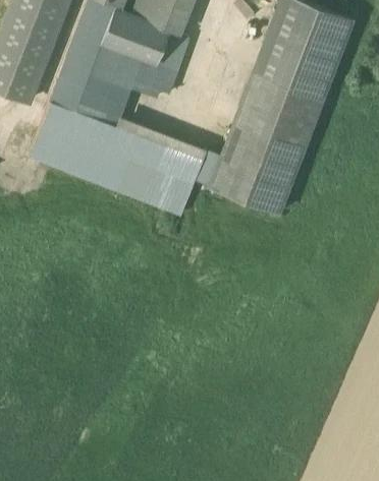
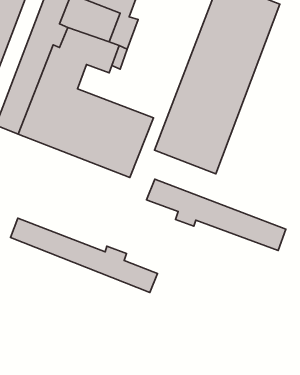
building: none -> [147,179,286,251]
building: none -> [11,218,158,292]

